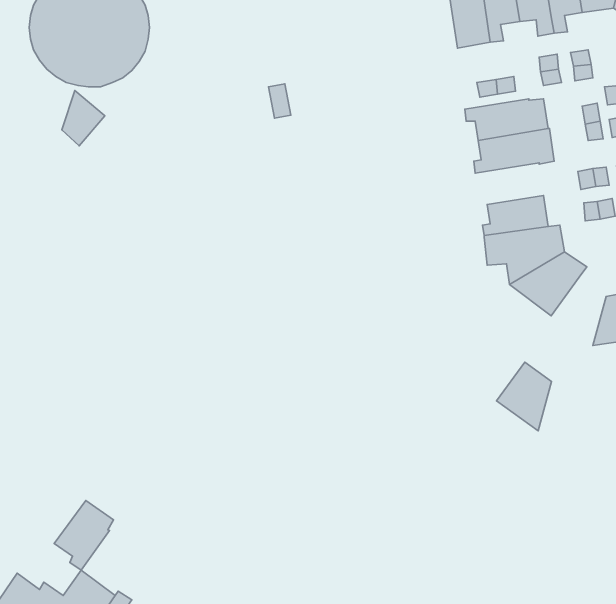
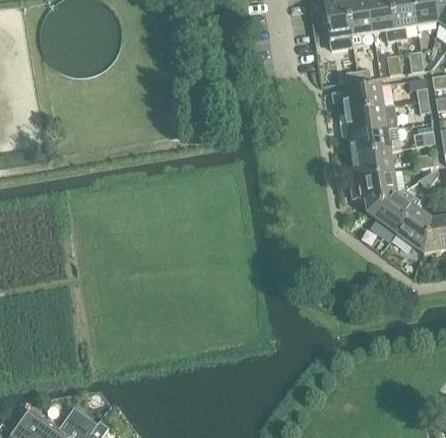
building: [62,91,105,146] -> none
building: none -> [343,128,400,157]
building: [497,362,552,431] -> [395,206,433,253]
building: [54,500,114,570] -> none

